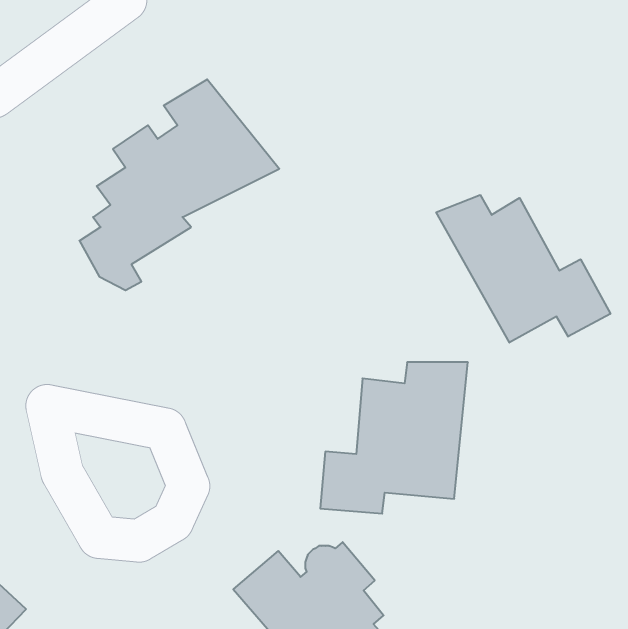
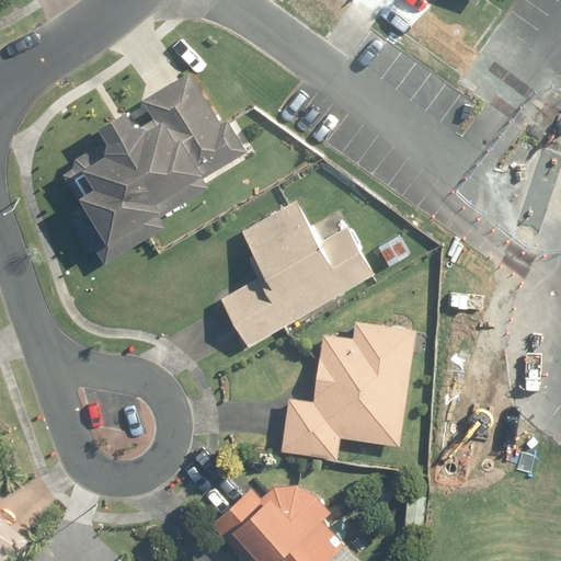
building: [436,195,610,343] -> none
building: none -> [221,197,377,345]

